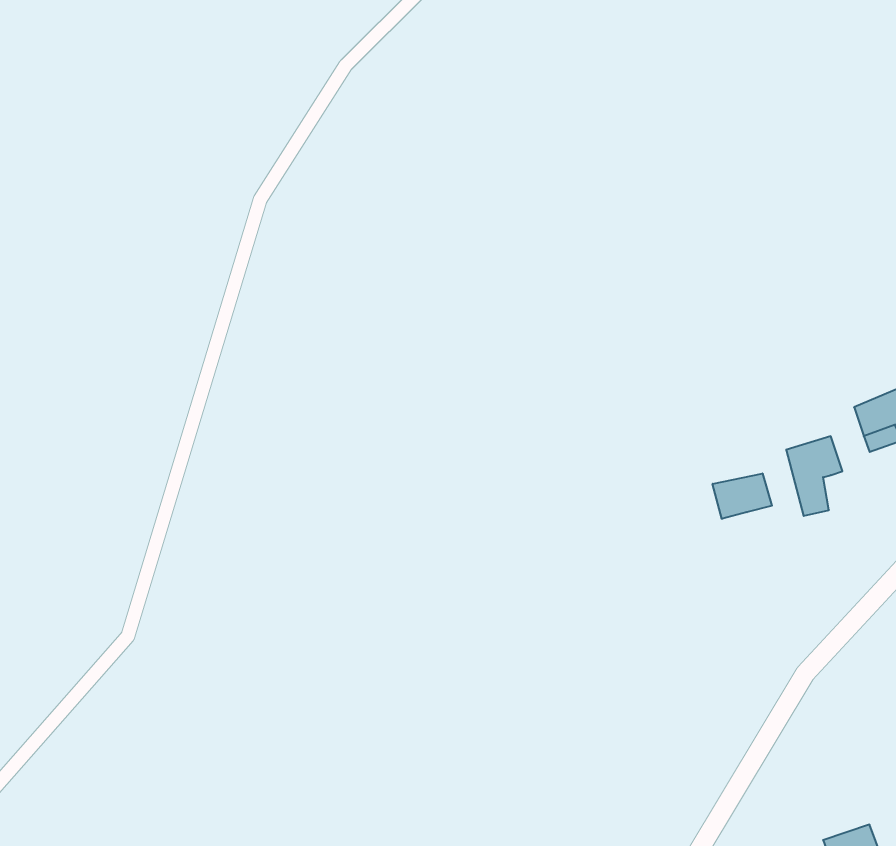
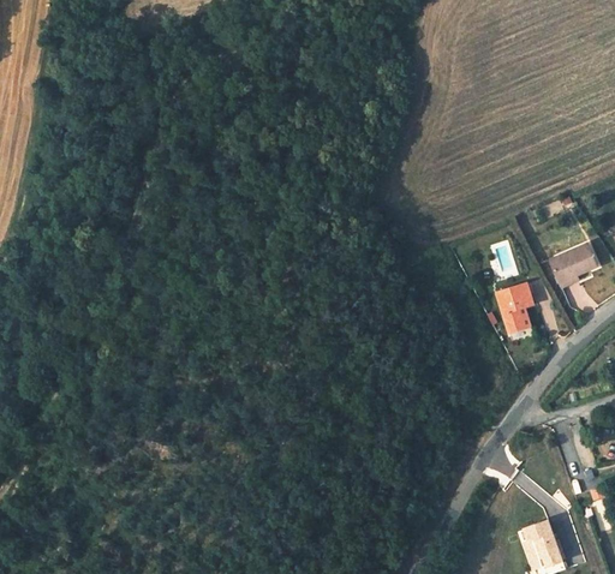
building: [713,473,772,519] -> none

